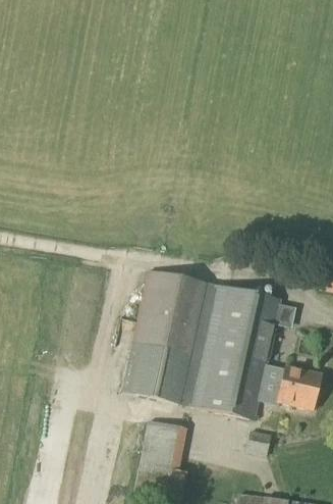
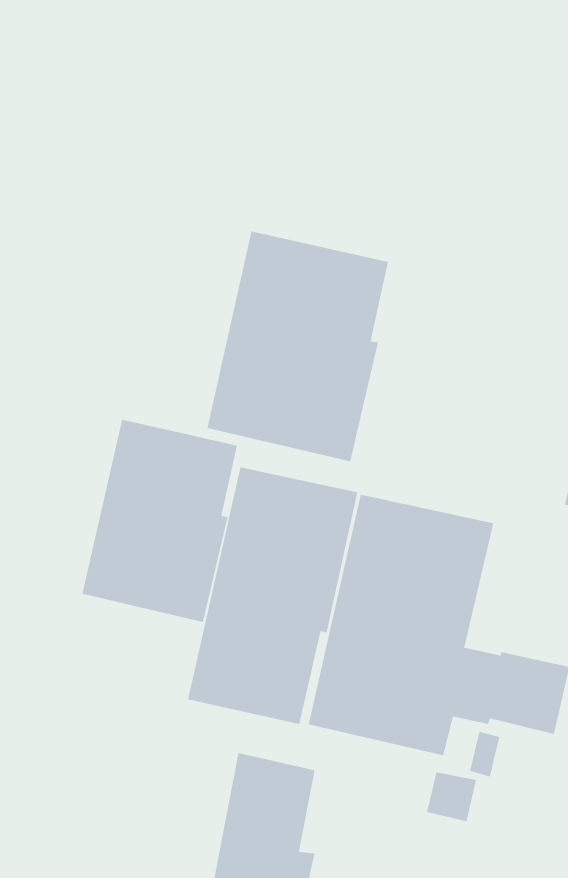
building: none -> [206,230,389,462]
building: none -> [82,419,238,623]

